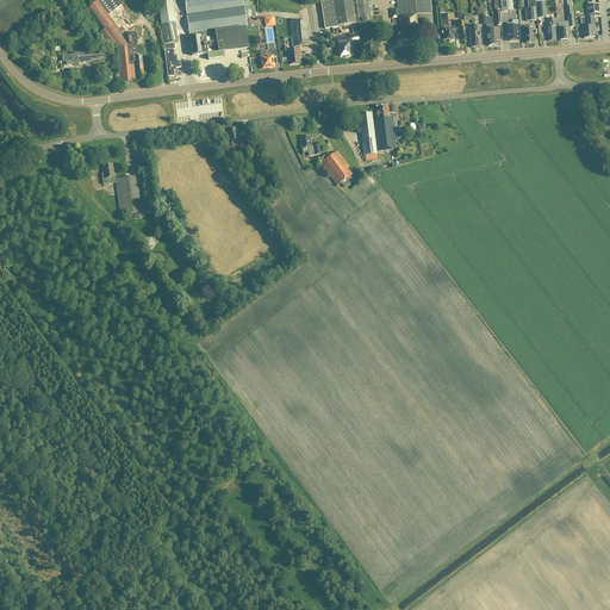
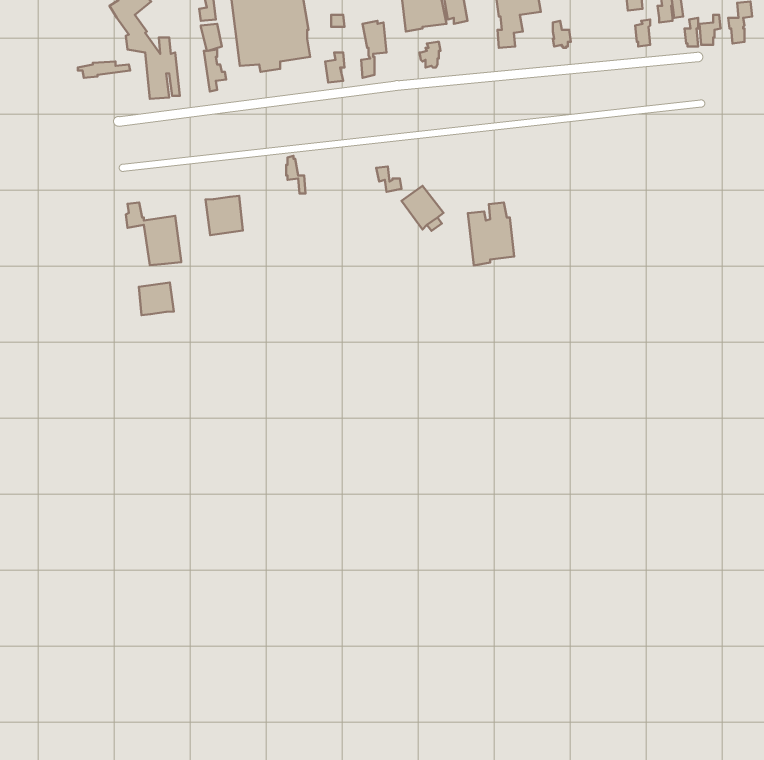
building: [357,102,394,152] -> [468,203,514,266]
building: none -> [205,196,243,235]
building: none -> [139,283,174,315]

